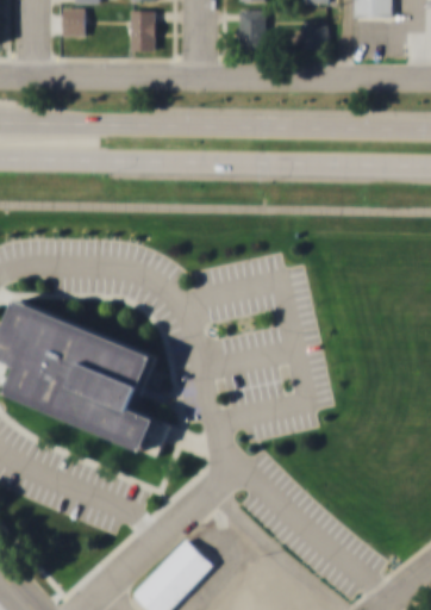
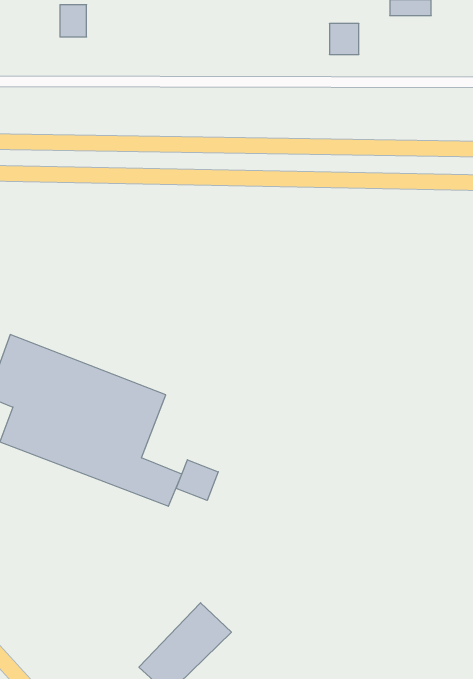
building: [127,11,155,51] -> none
building: [237,11,263,54] -> none
building: none -> [176,460,218,500]

